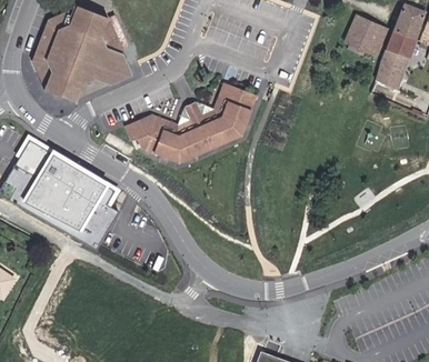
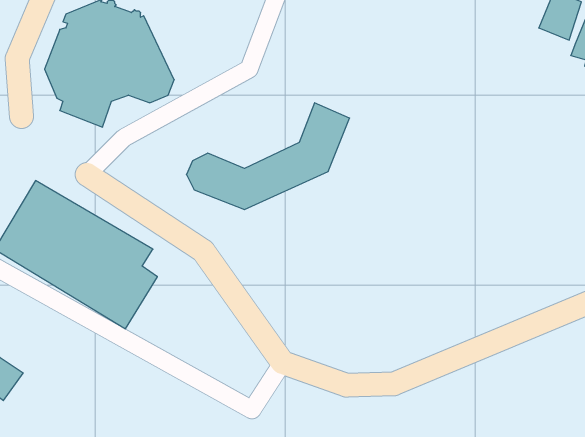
building: [345,14,388,59] -> none
building: [376,30,416,89] -> none
building: [126,82,230,140] -> none

